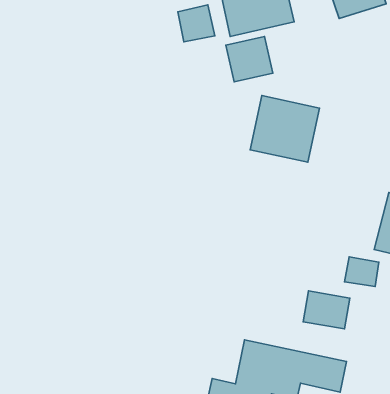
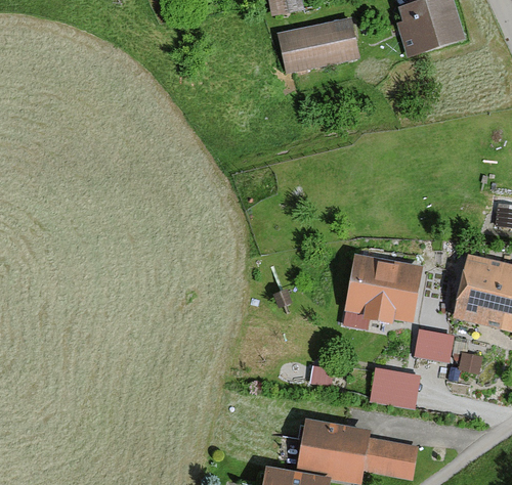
building: [178,5,215,42] -> none
building: [226,36,273,82] -> none
building: [250,96,319,162] -> [345,253,424,328]

